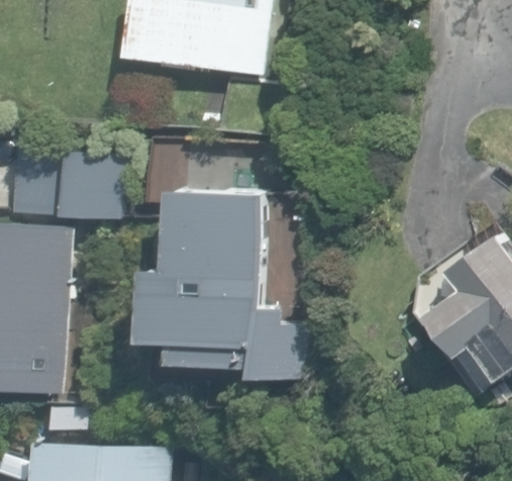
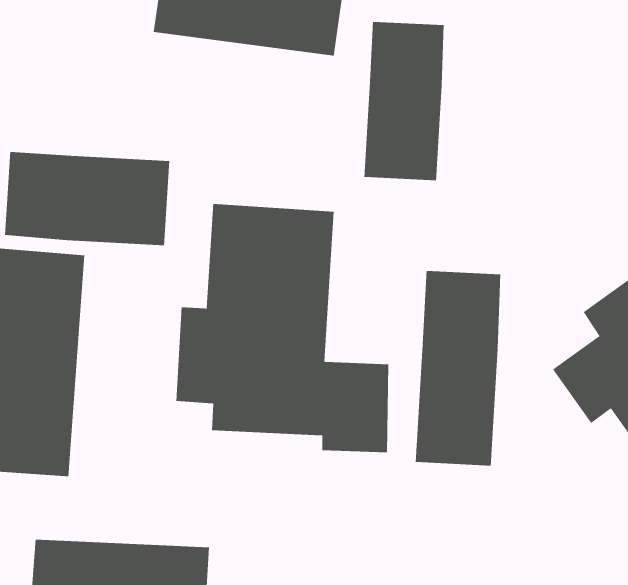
building: none -> [364,21,444,181]
building: none -> [415,270,501,466]

